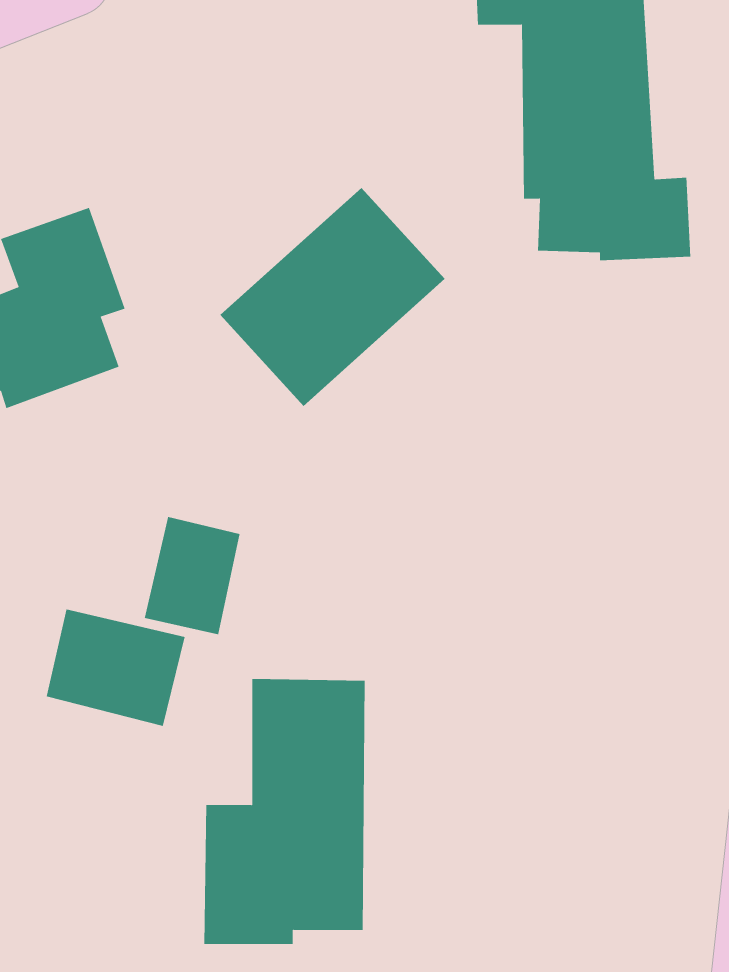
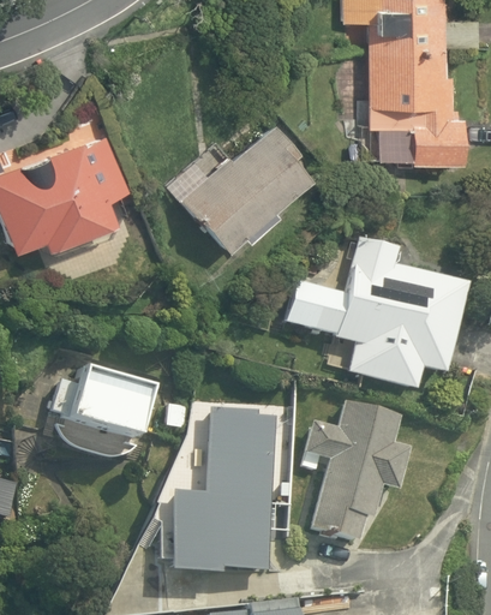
building: none -> [283,232,469,390]
building: [144,516,240,635] -> none
building: none -> [303,400,412,542]

